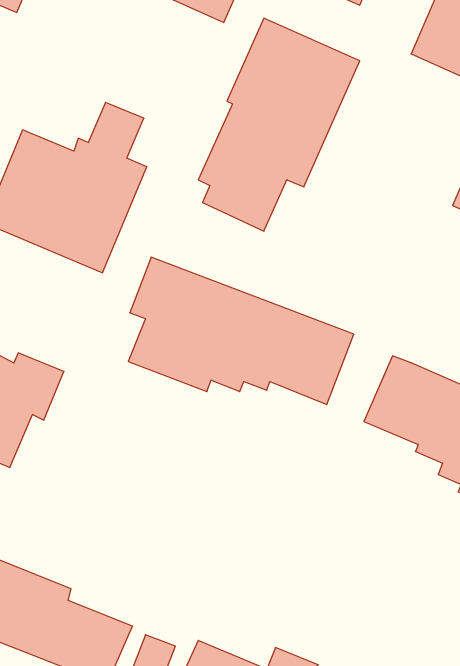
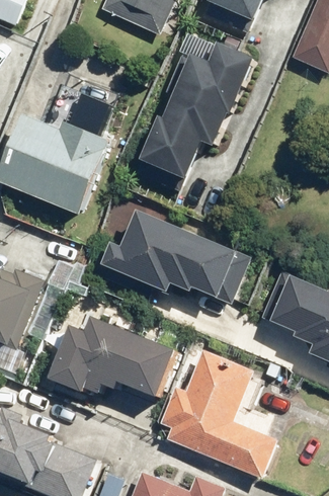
building: none -> [52,318,177,399]
building: none -> [159,350,280,480]

